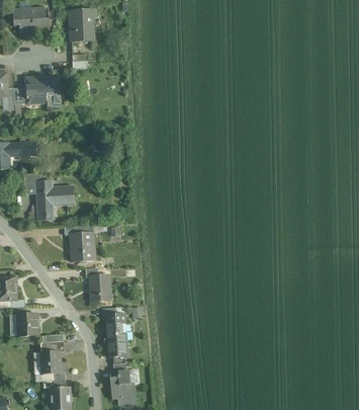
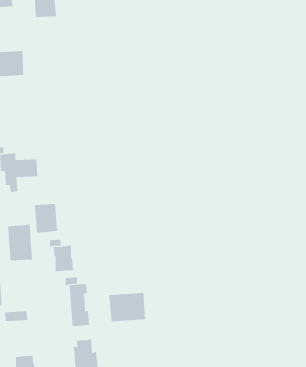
building: none -> [8,224,33,261]
building: none -> [108,292,145,322]
building: [40,351,61,374] -> none

